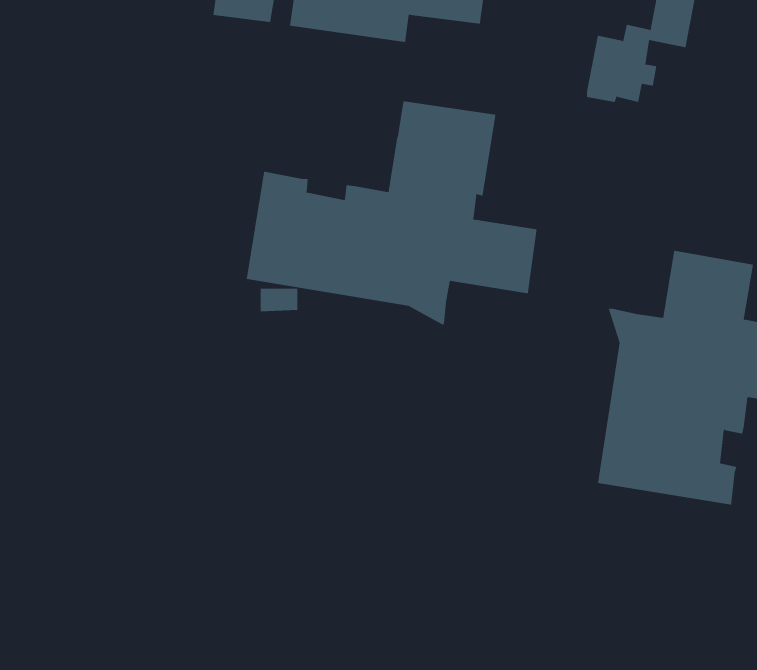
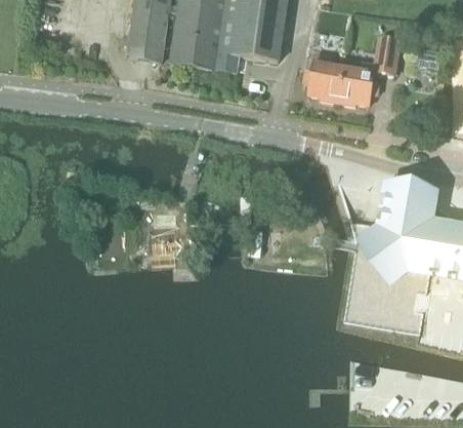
building: none -> [305,50,345,100]
building: [246,100,537,326] -> none

